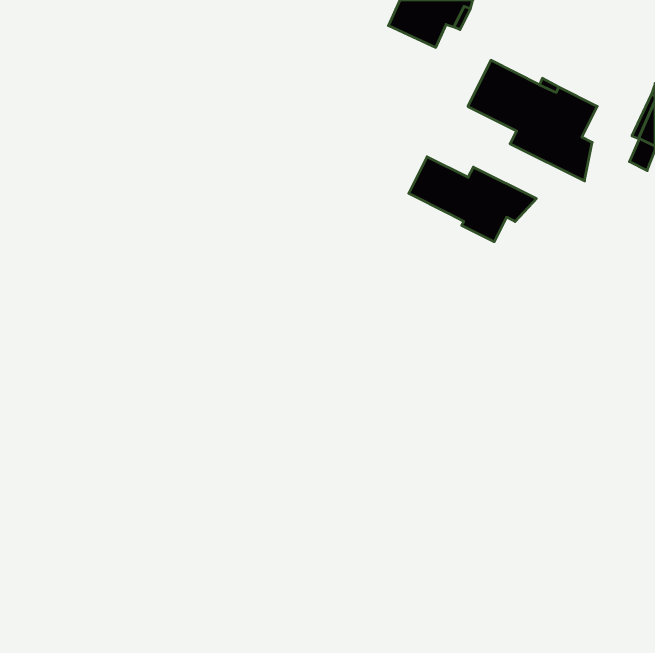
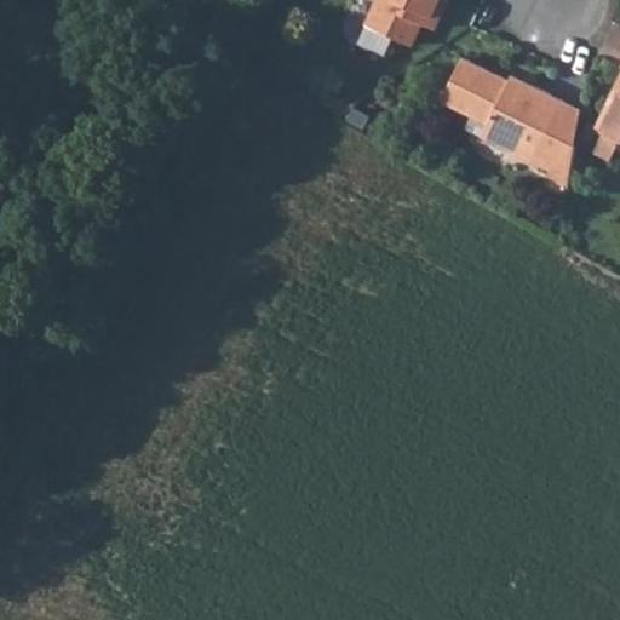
building: [409,157,536,242] -> none

